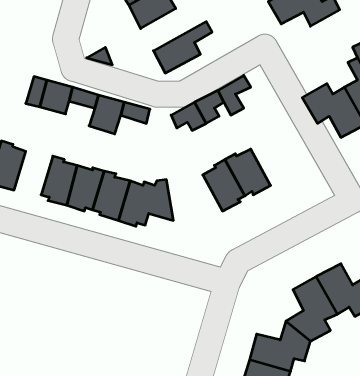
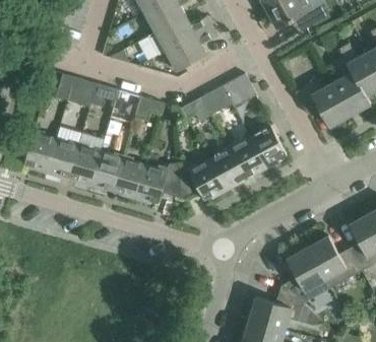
building: none -> [154,15,211,52]
building: none -> [250,124,287,168]
building: none -> [45,139,78,178]
building: none -> [177,159,226,200]

